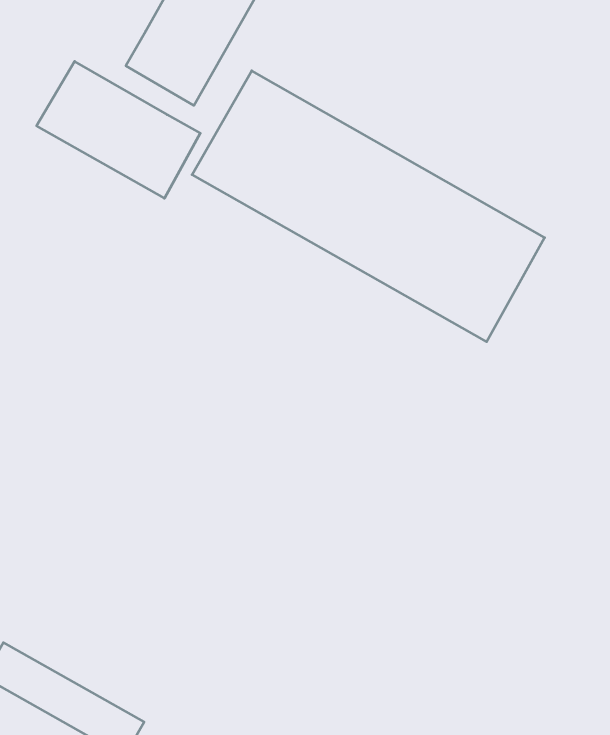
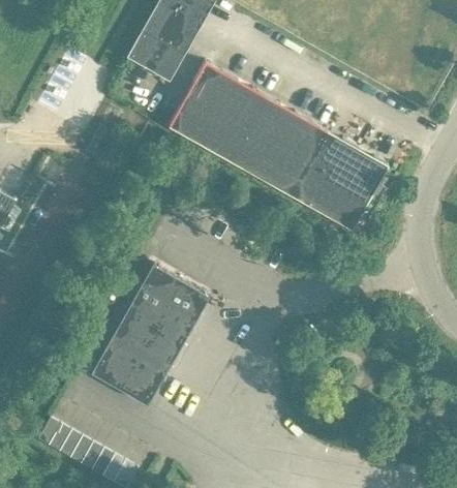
building: [37,61,200,198] -> none
building: none -> [90,265,207,404]

